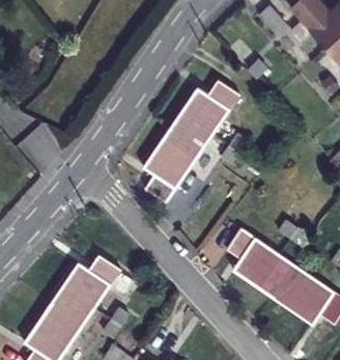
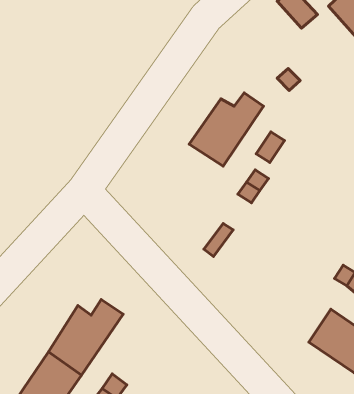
building: [144,128,200,200] -> none
building: [225,231,291,296] -> none

